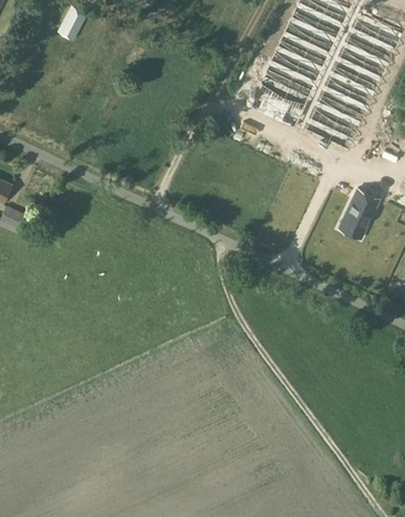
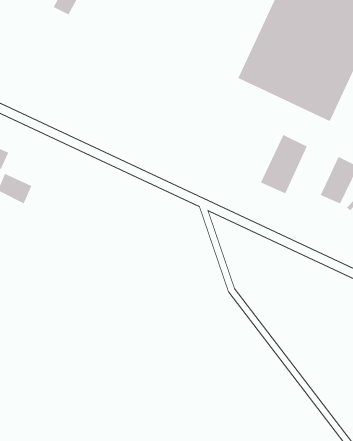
building: none -> [260,134,307,194]

